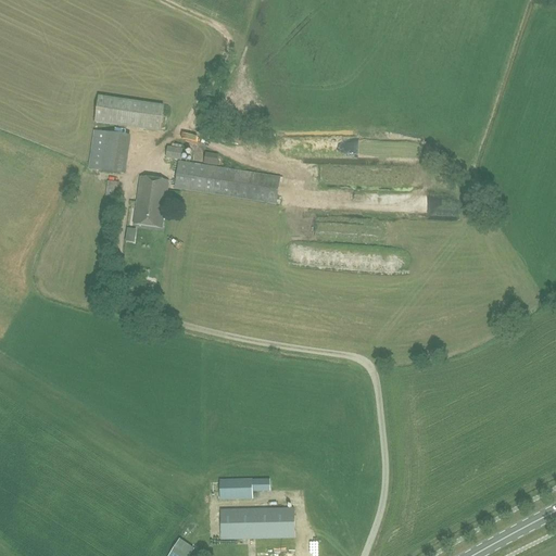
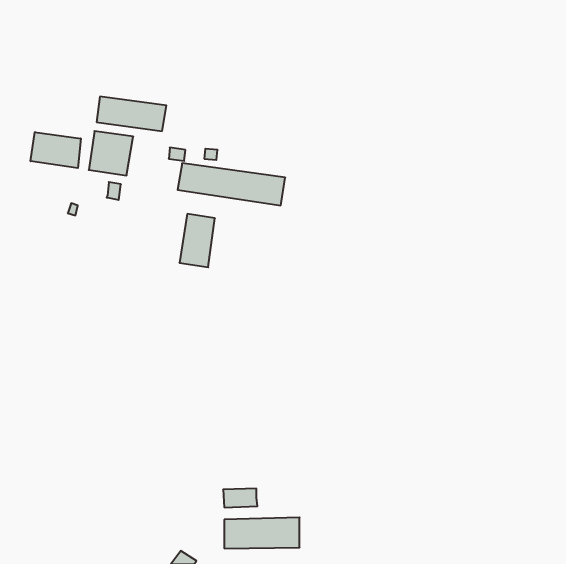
building: none -> [31,132,81,168]
building: [132,174,167,226] -> [179,214,215,267]

